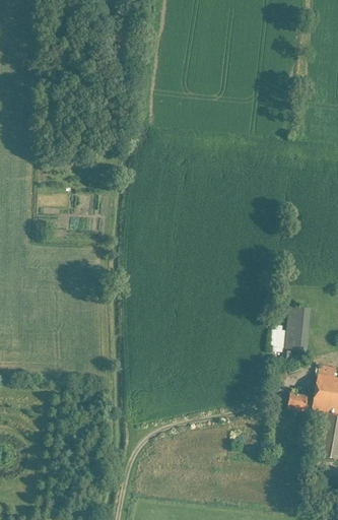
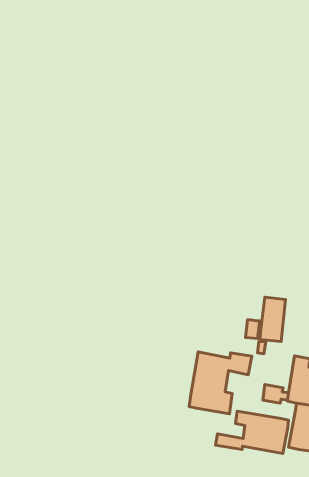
building: none -> [189,352,252,414]
building: none -> [215,411,288,453]

